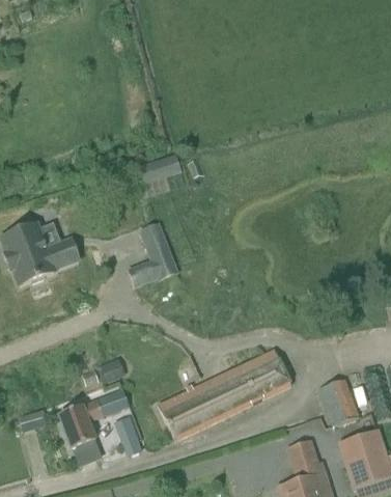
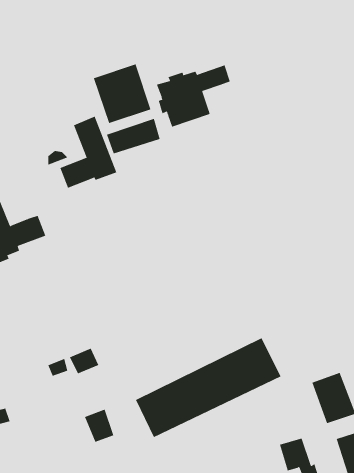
building: none -> [93,64,151,124]
building: none -> [156,65,231,127]
building: [128,222,179,287] -> [59,116,117,189]
building: [59,390,131,467] -> none

